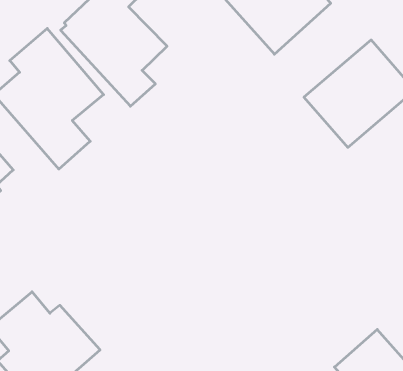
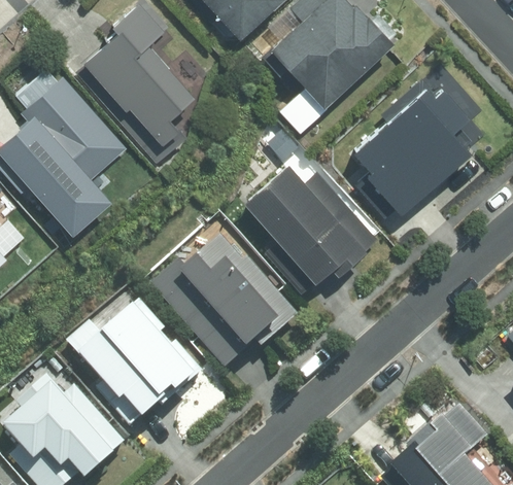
building: none -> [240,165,371,299]
building: none -> [158,232,295,371]
building: none -> [81,304,198,420]

